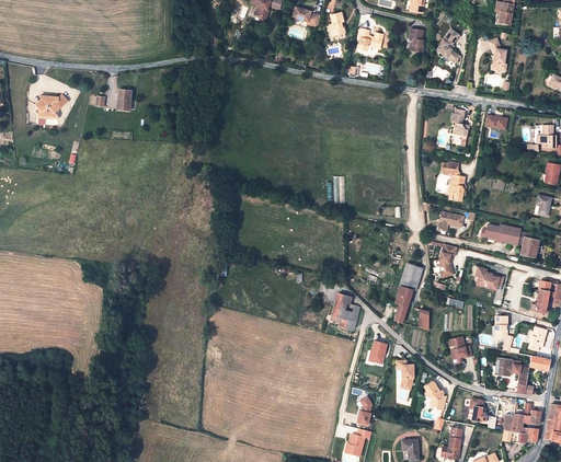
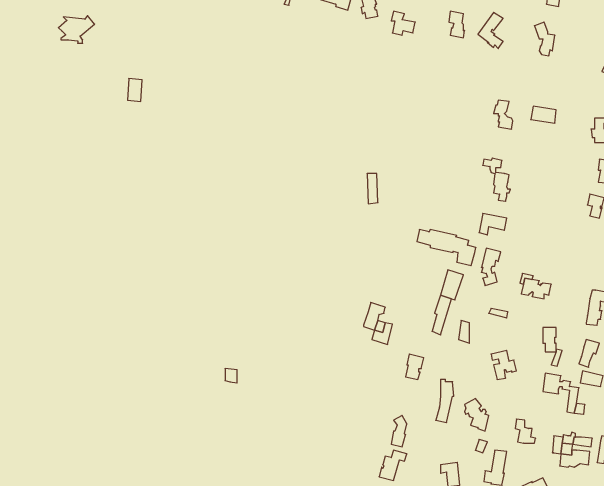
building: [35,94,68,119] -> [58,16,95,43]
building: [484,224,538,257] -> [417,230,476,266]

